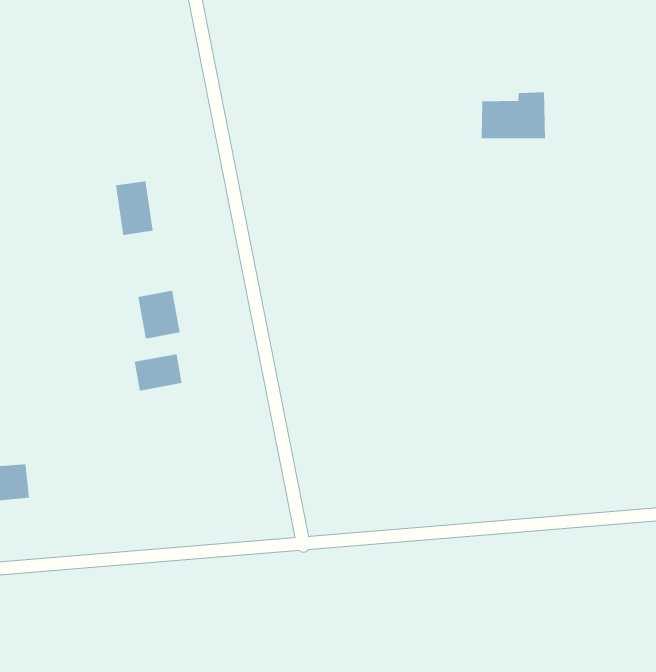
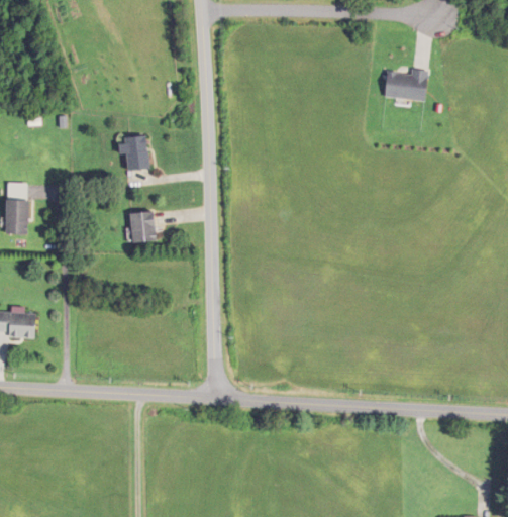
building: [481,92,546,139] -> [382,68,429,101]
building: [134,353,182,391] -> none

